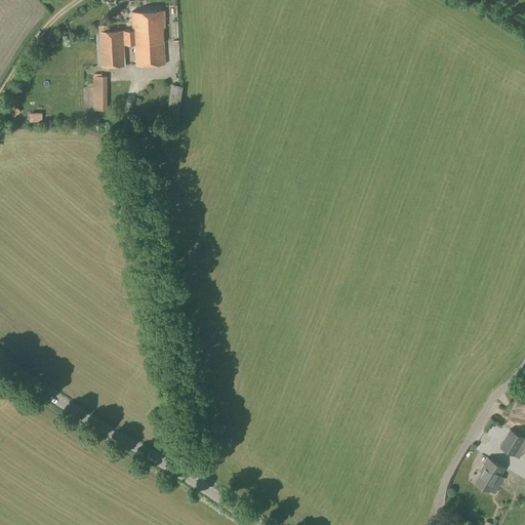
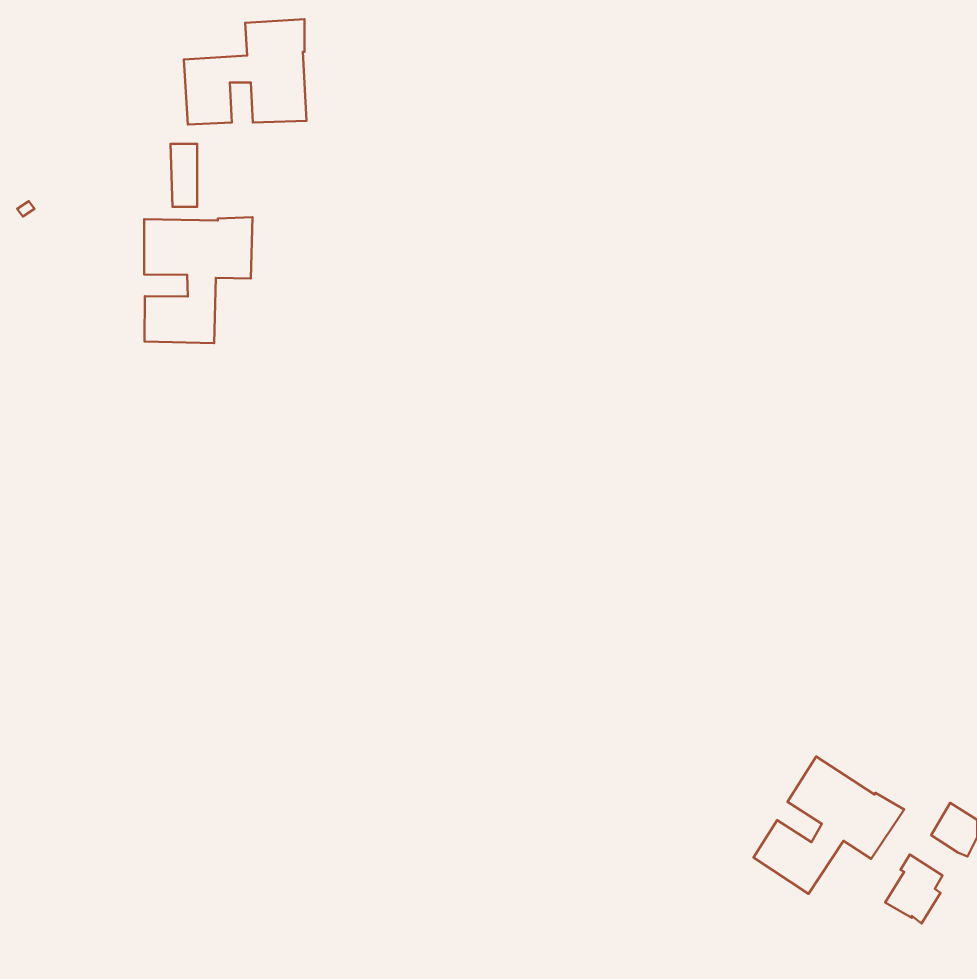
building: none -> [144,217,253,343]
building: none -> [753,756,904,894]

